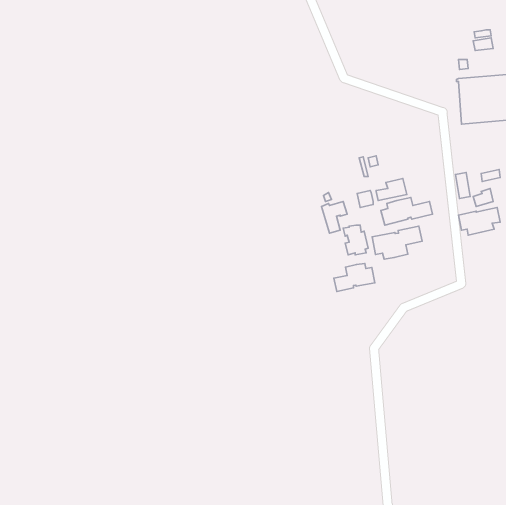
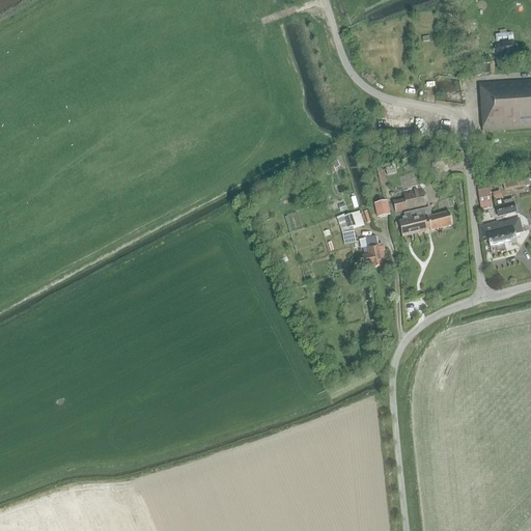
building: [372,226,422,259] -> none
building: [334,263,375,291] -> none

